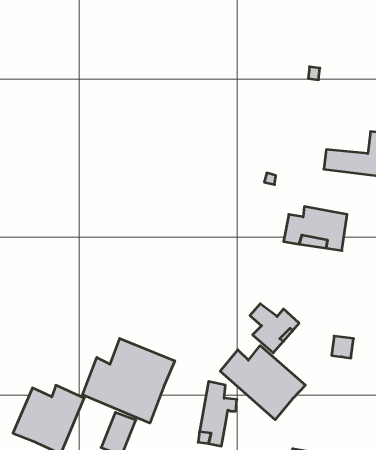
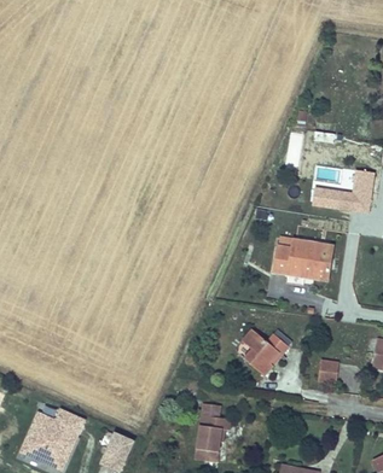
building: [82,338,175,423] -> none
building: [220,346,305,420] -> none

